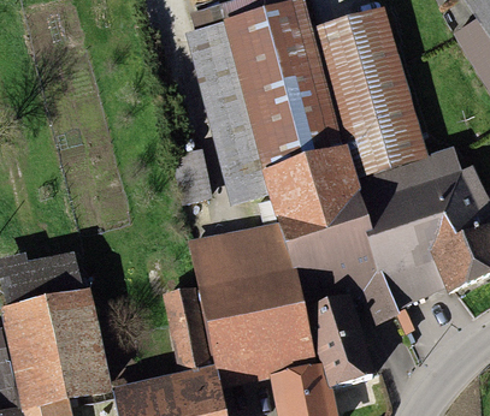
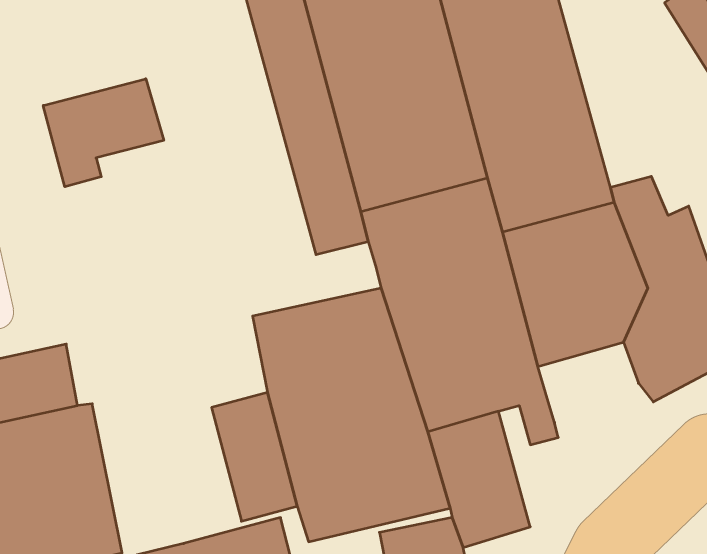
building: none -> [43,79,164,187]
building: [379,256,444,308] -> none

